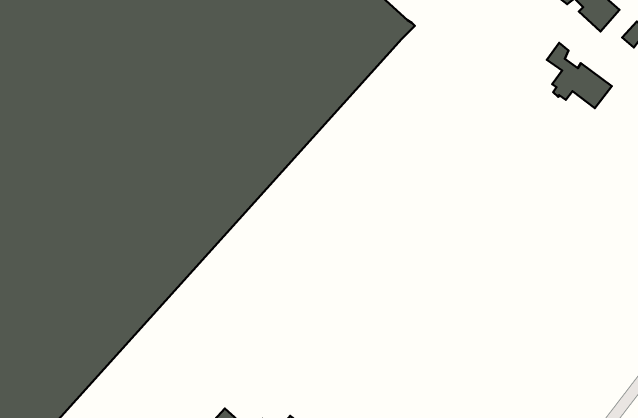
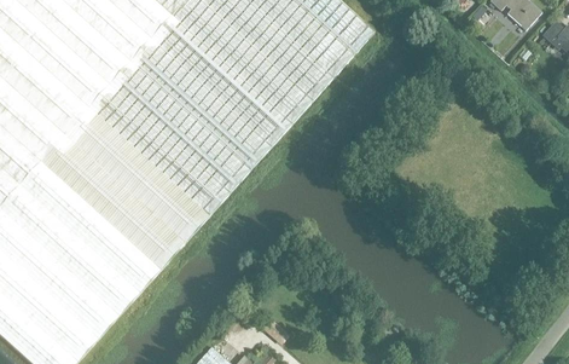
building: [547,43,612,108] -> none

